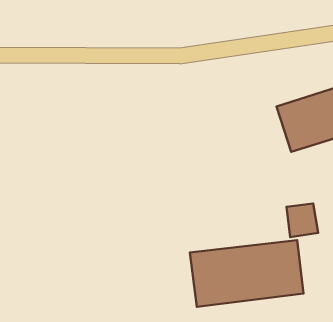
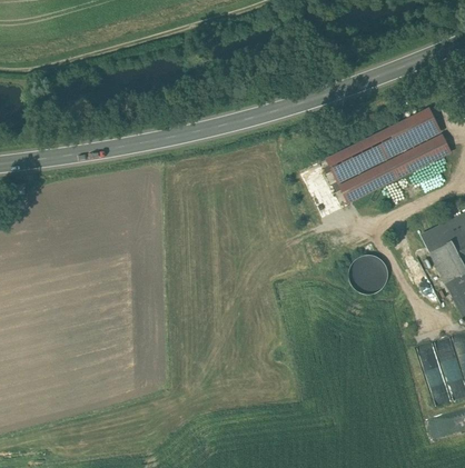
building: [190,240,304,307] -> none

